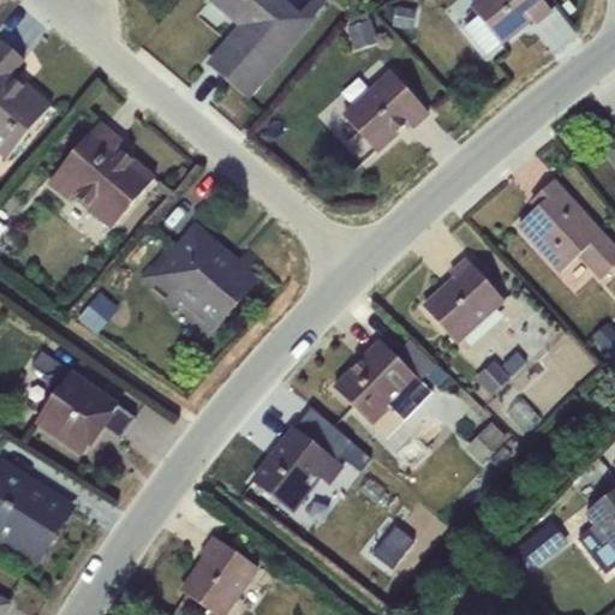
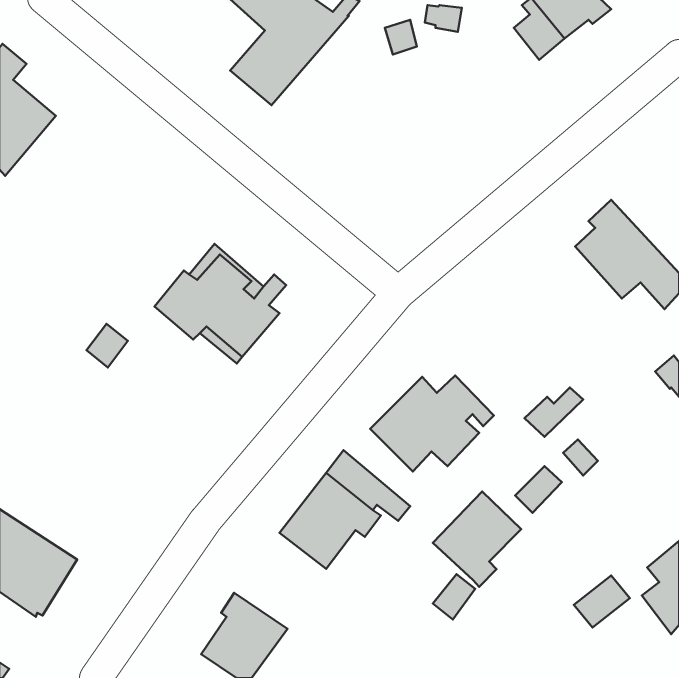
building: [342,71,428,150] -> none
building: [47,121,154,229] -> none
building: [423,258,504,344] -> none
building: [31,350,135,453] -> none
building: none -> [433,491,521,587]

